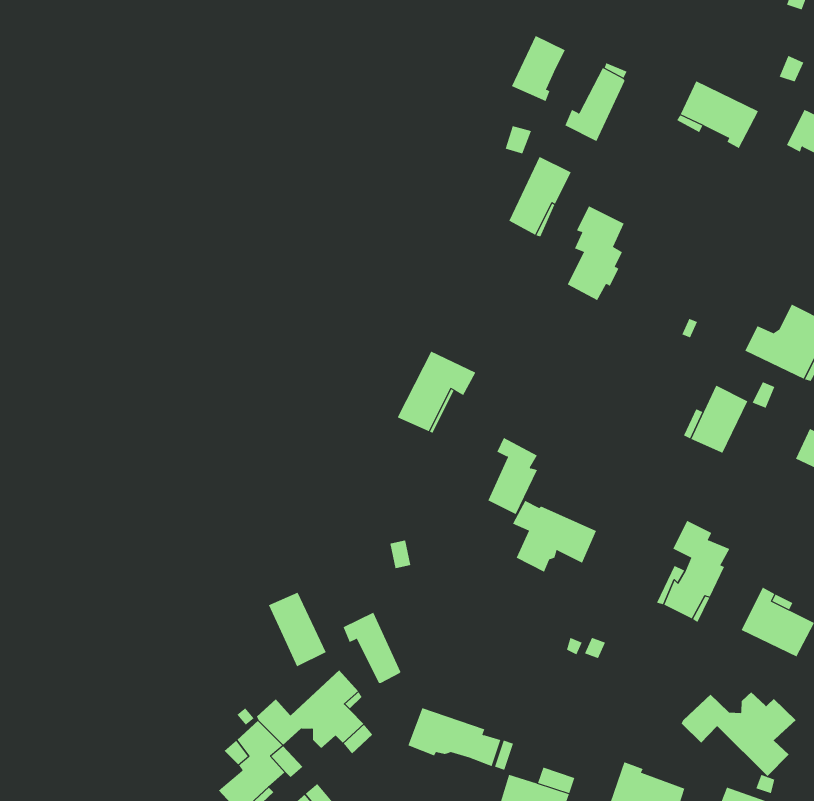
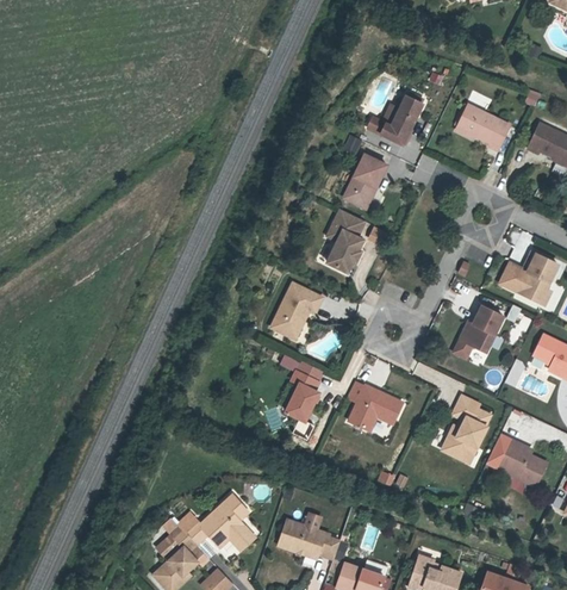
building: [511,35,566,102] -> none
building: [567,205,625,301] -> [326,209,364,272]
building: [487,437,538,515] -> [286,369,319,421]
building: [268,592,326,667] -> none
building: [343,612,401,684] -> none
building: [681,692,796,777] -> none

